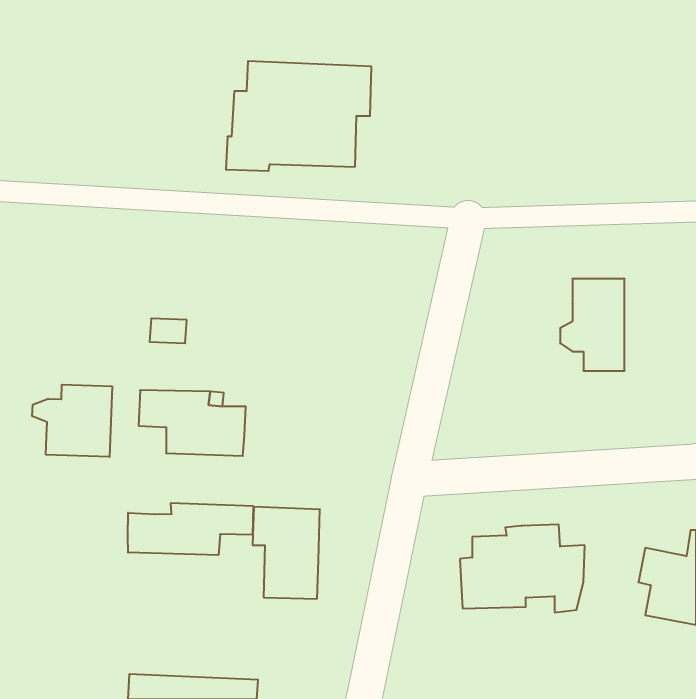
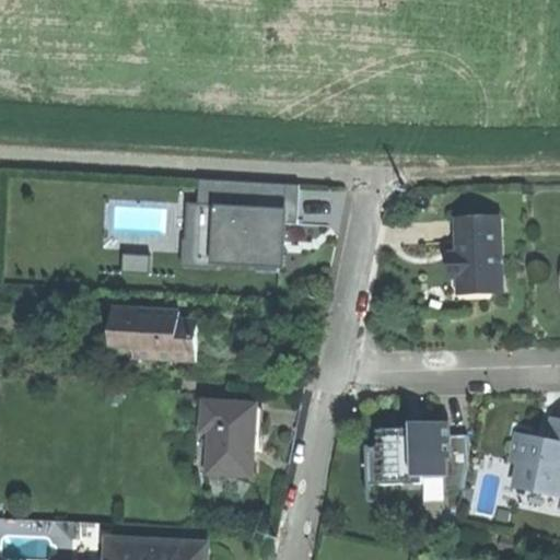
building: [226,61,371,171] -> [178,177,294,265]
building: [32,385,112,457] -> none
building: [128,503,253,555] -> none

